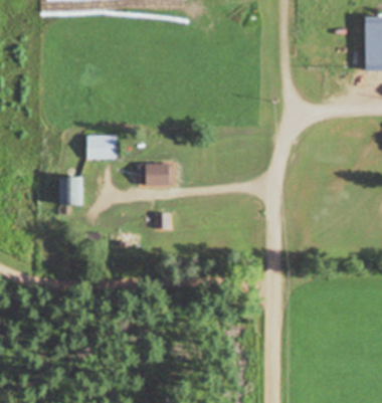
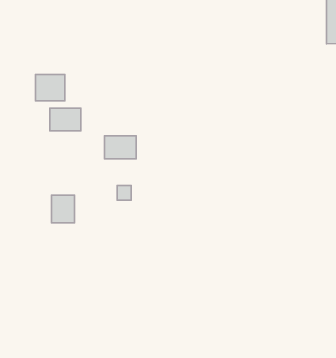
building: none -> [35,74,65,101]
building: [60,176,83,204] -> [52,195,74,223]

